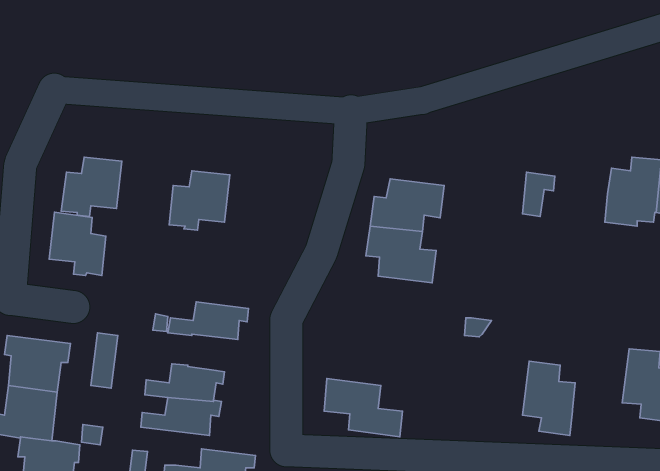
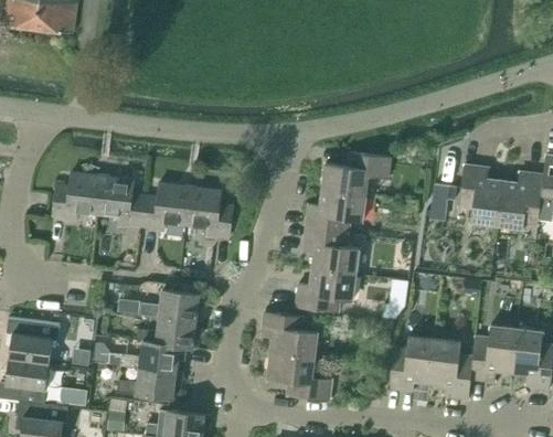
building: none -> [321,153,390,195]
building: none -> [458,166,502,225]
building: none -> [185,186,232,238]
building: [49,212,106,275] -> [97,175,143,227]
building: none -> [295,269,355,313]
building: none -> [260,312,317,359]
building: none -> [137,317,203,349]
building: none -> [470,326,517,382]
building: none -> [387,335,435,392]

